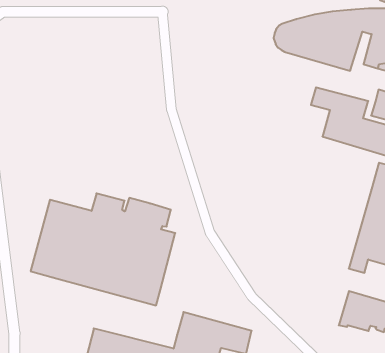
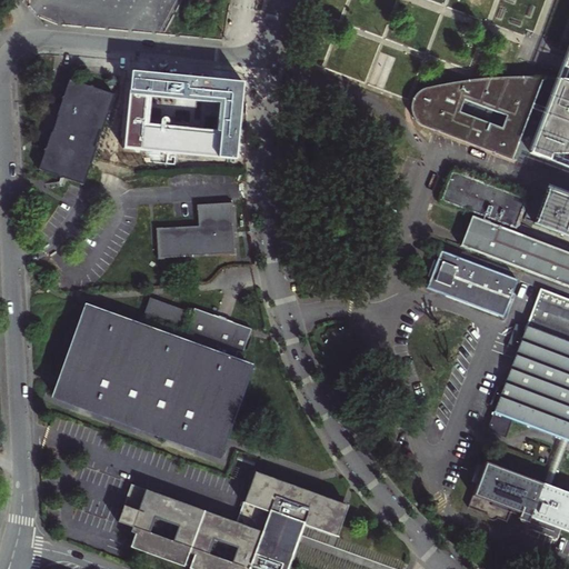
building: none -> [120,68,243,156]
building: none -> [40,79,114,184]
building: none -> [157,206,236,261]
building: none -> [428,251,518,318]

